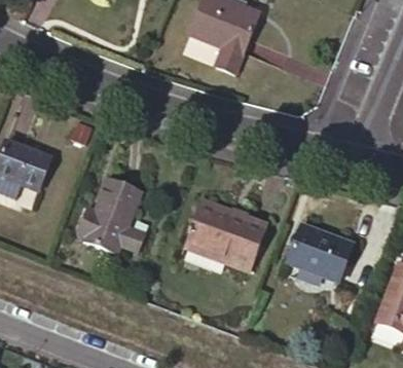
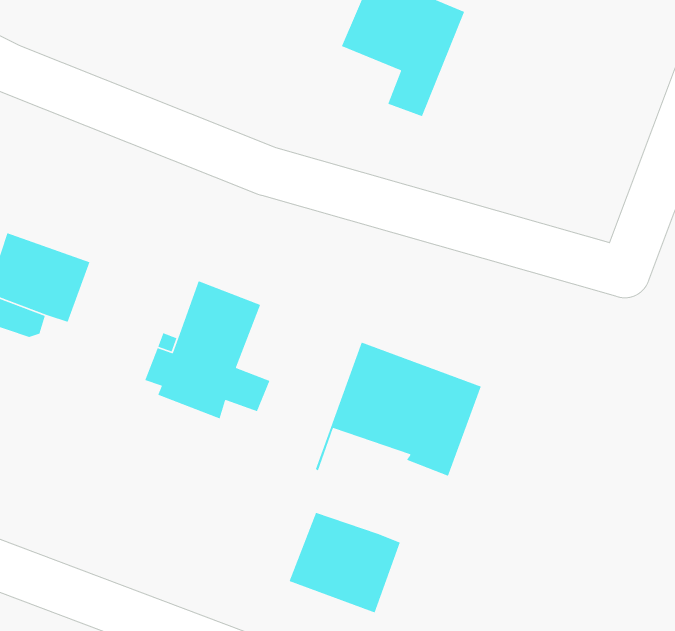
building: [286,227,350,284] -> none
building: none -> [288,512,401,613]

